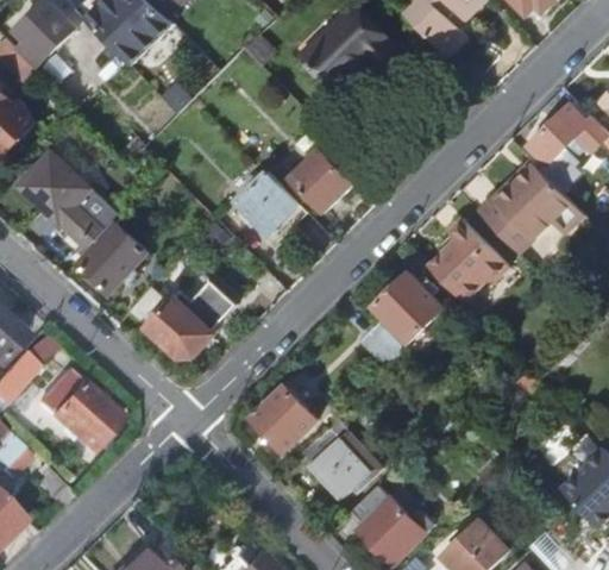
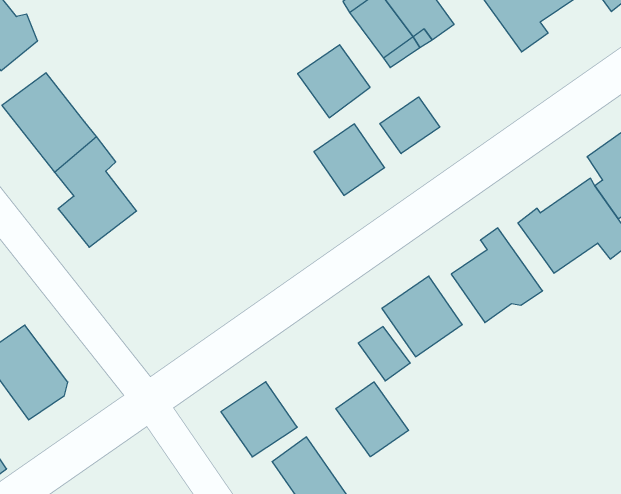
building: none -> [380,97,440,154]
building: [234,173,299,237] -> [298,45,370,118]
building: [131,281,236,356] -> none
building: none -> [336,382,409,457]

